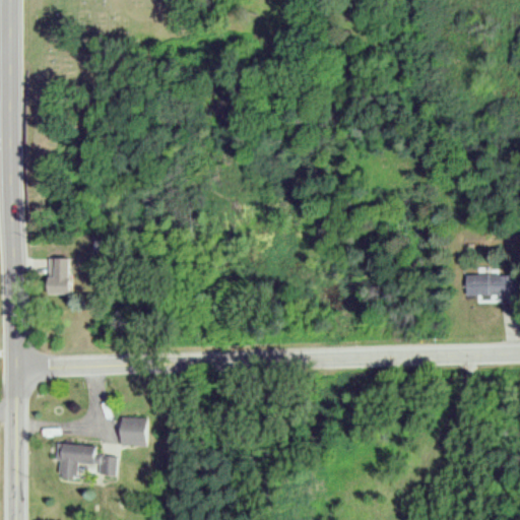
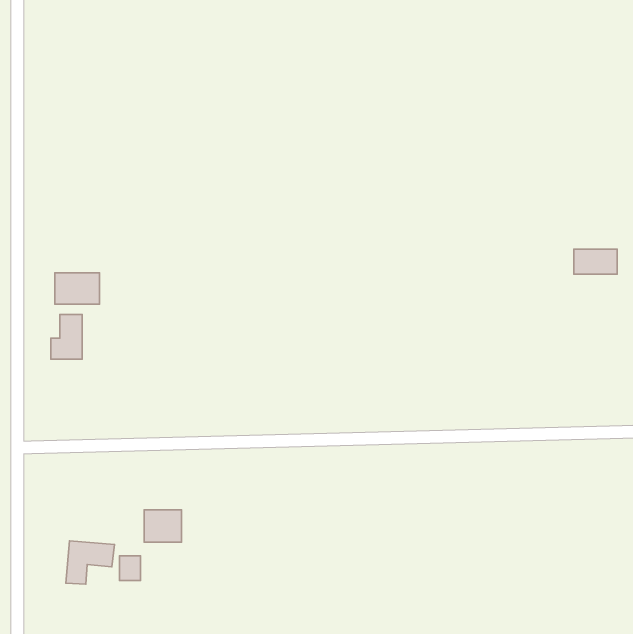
building: none -> [55,273,100,304]
building: [465,275,501,296] -> [574,249,617,274]

